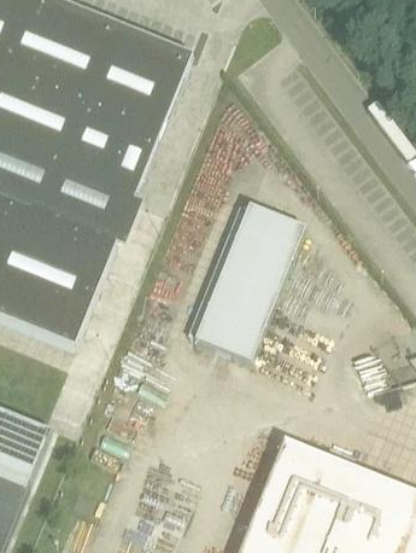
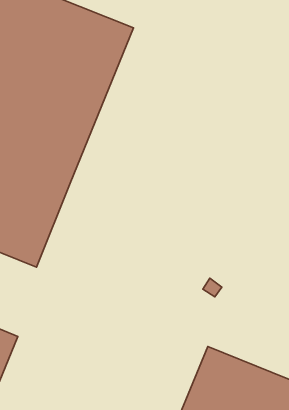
building: [194,200,305,357] -> none

